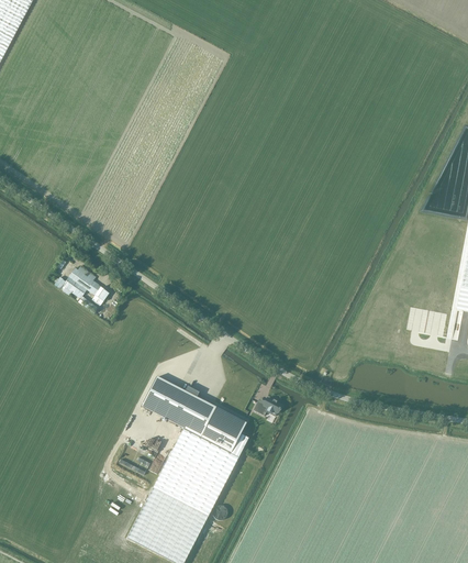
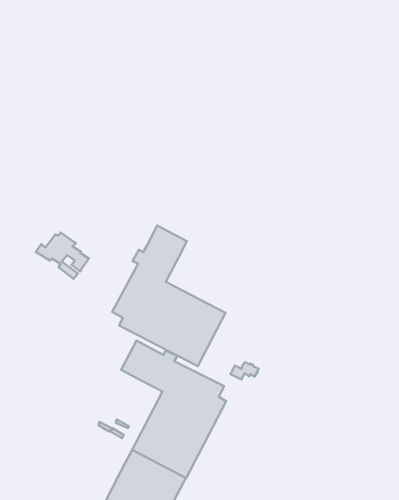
building: none -> [112,226,226,366]

